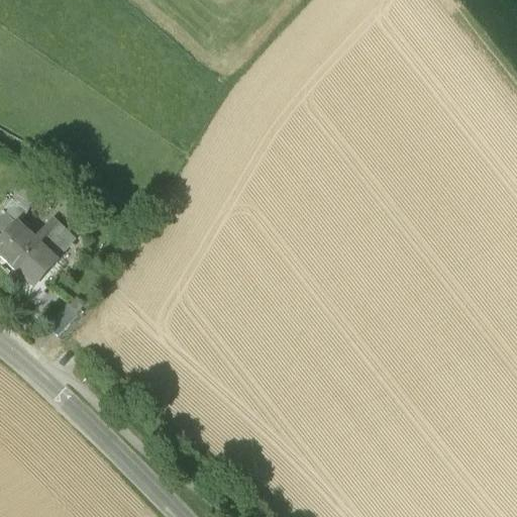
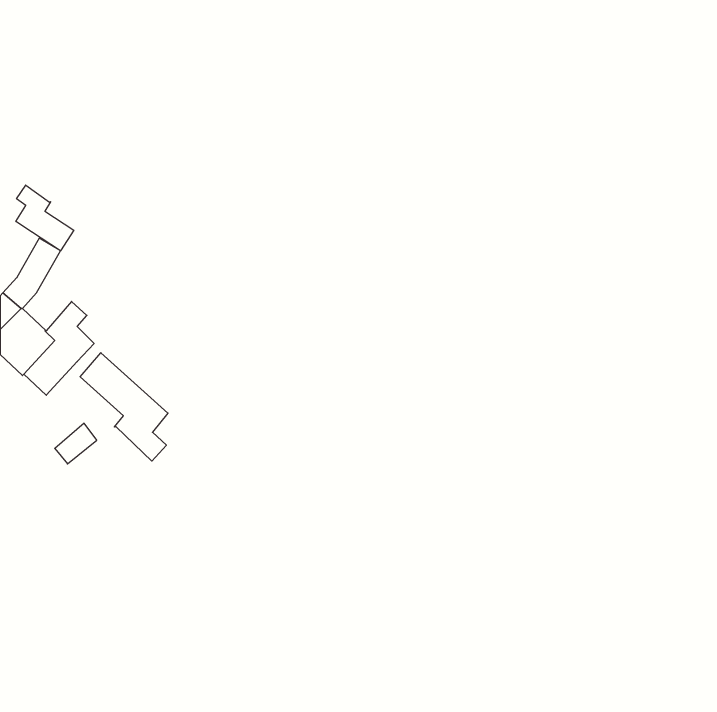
building: none -> [16,185,74,251]
building: none -> [80,353,168,461]

